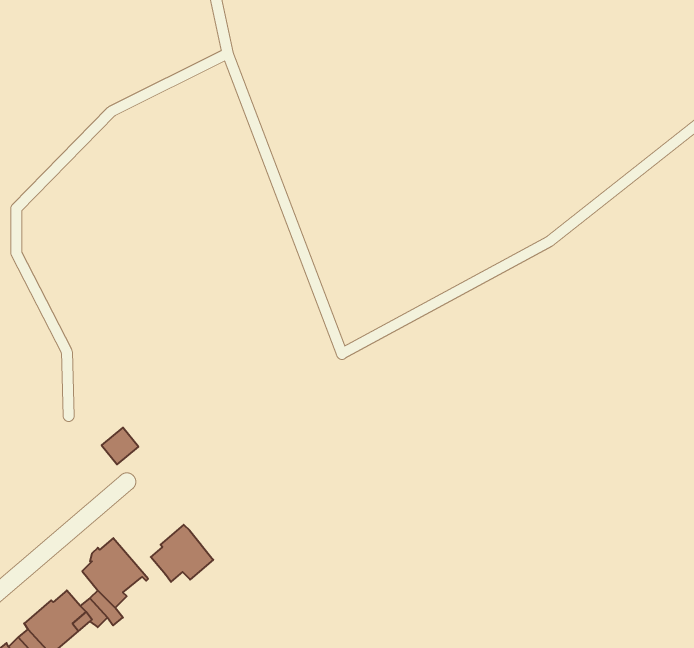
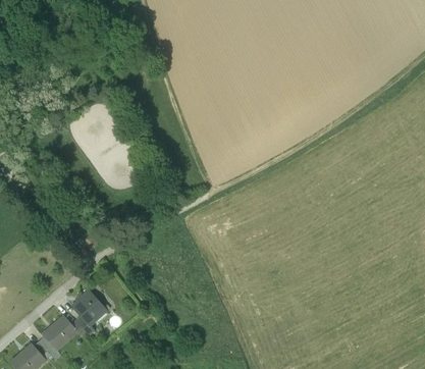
building: [151,525,213,582] -> none

